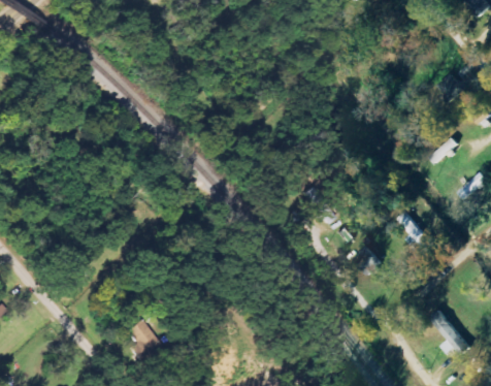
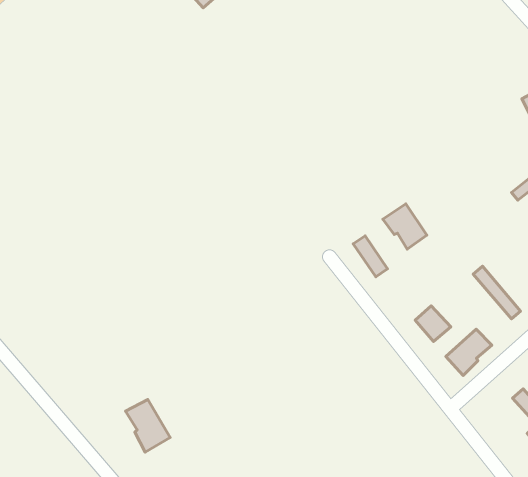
building: none -> [383,204,427,249]
building: none -> [446,329,492,375]

